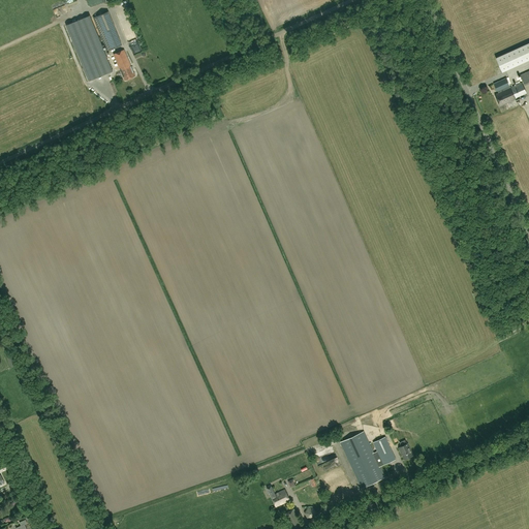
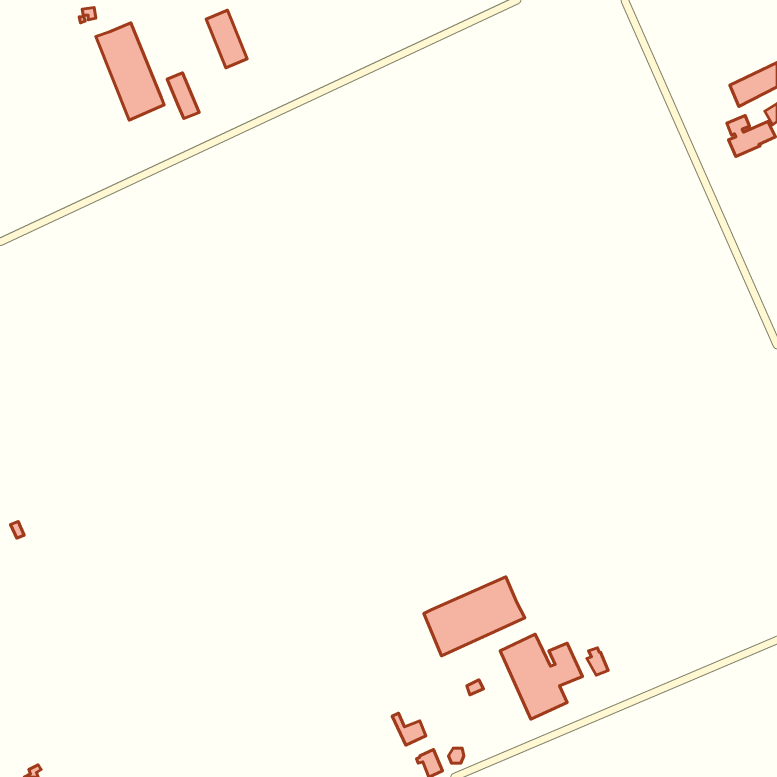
building: [94,11,122,51] -> [206,10,247,68]
building: none -> [424,577,525,656]

